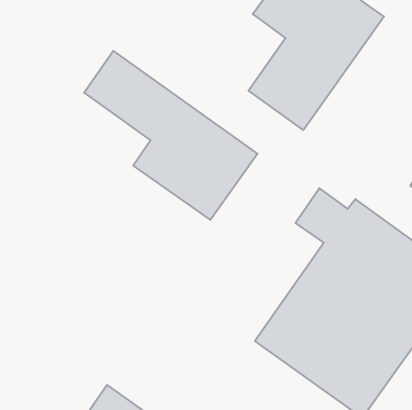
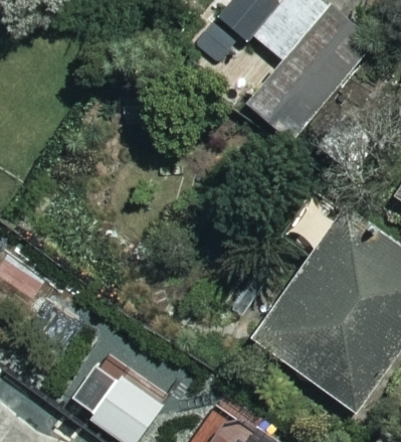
building: [84,51,258,220] -> none

